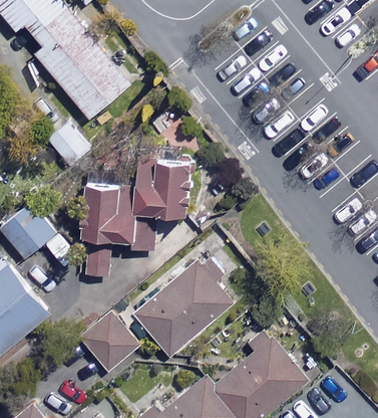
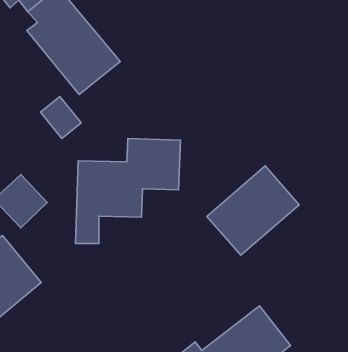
building: [134,262,230,355] -> [207,166,299,255]
building: [81,315,137,371] -> none

